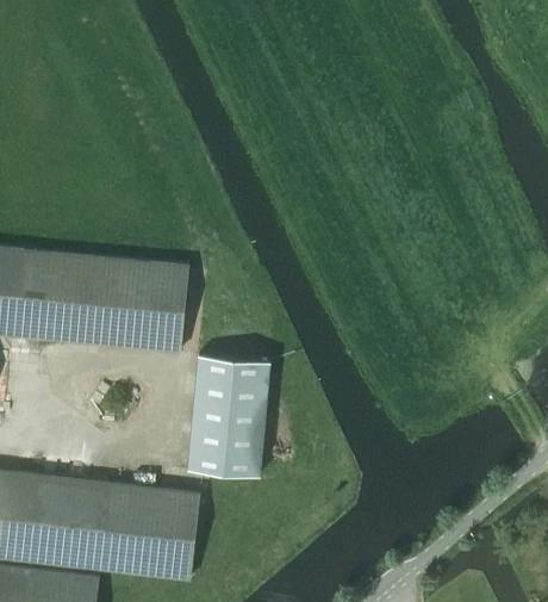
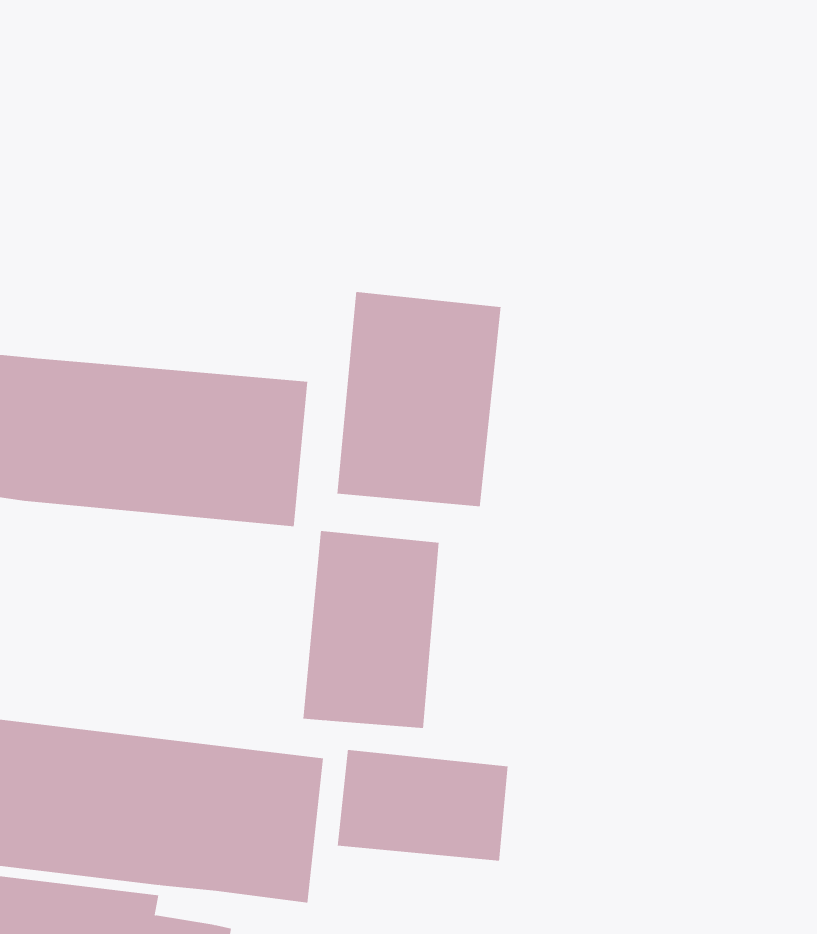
building: none -> [337,291,501,507]
building: none -> [337,749,508,861]

